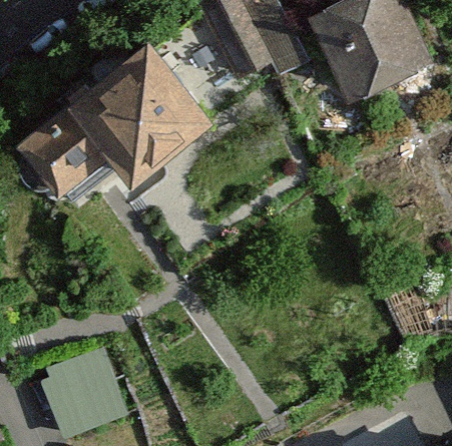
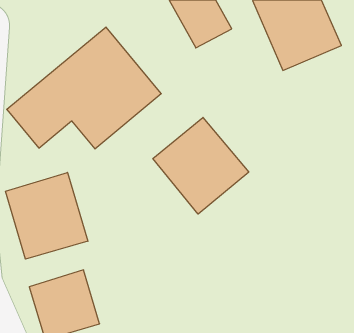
building: none -> [153,117,249,214]
building: none -> [6,172,88,259]

